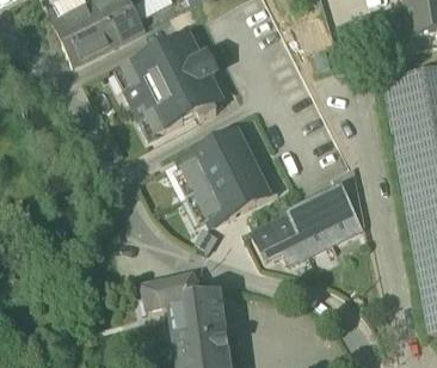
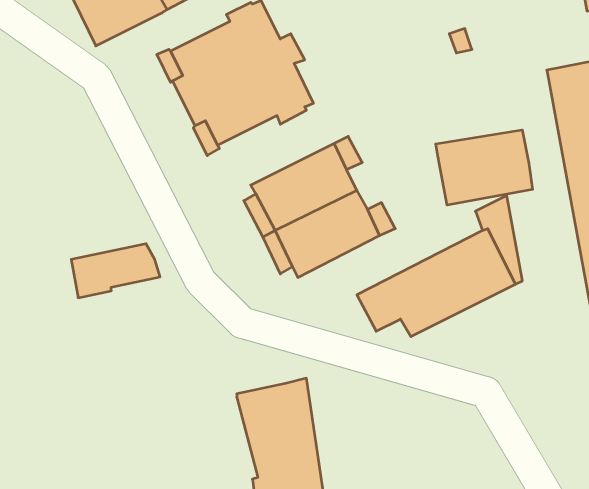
building: none -> [436,130,533,205]
building: [142,272,203,309] -> [71,244,160,298]

